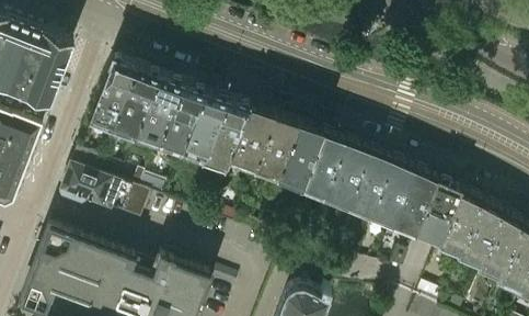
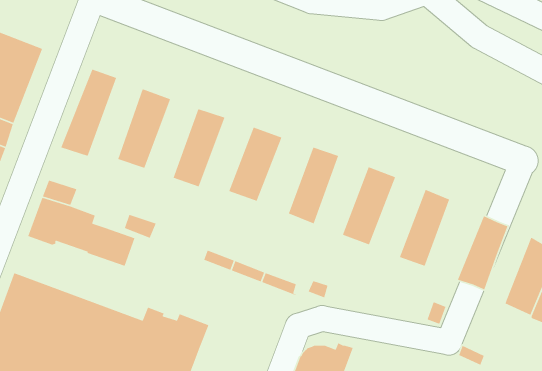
building: [112,69,154,137] -> none
building: [157,87,200,153] -> none
building: [202,102,246,168] -> none
building: [250,118,296,182] -> none
building: [297,134,342,200] -> none
building: [343,151,389,218] -> none
building: [389,170,437,237] -> none
building: [438,192,476,253] -> none

